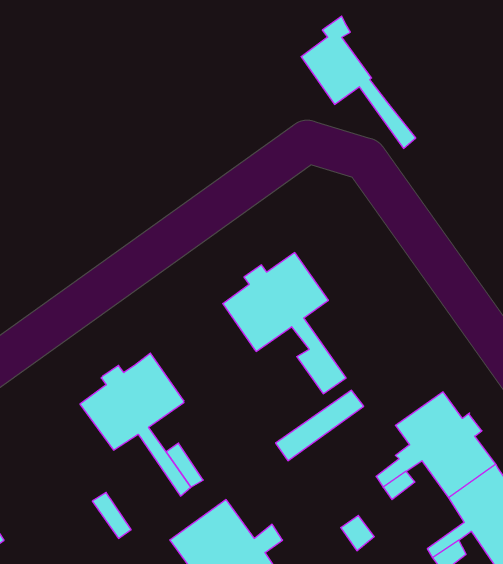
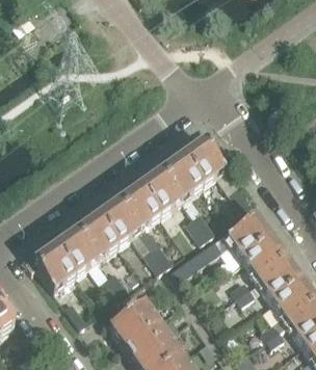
building: [301,16,416,148] -> [183,130,251,208]
building: none -> [98,184,170,267]
building: none -> [228,206,270,256]
building: none -> [25,243,76,286]

